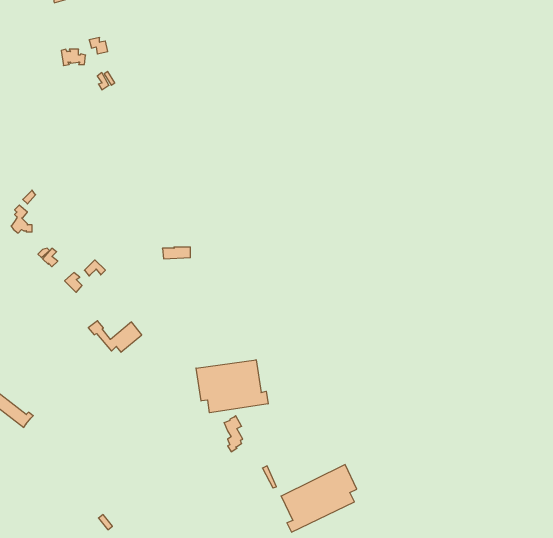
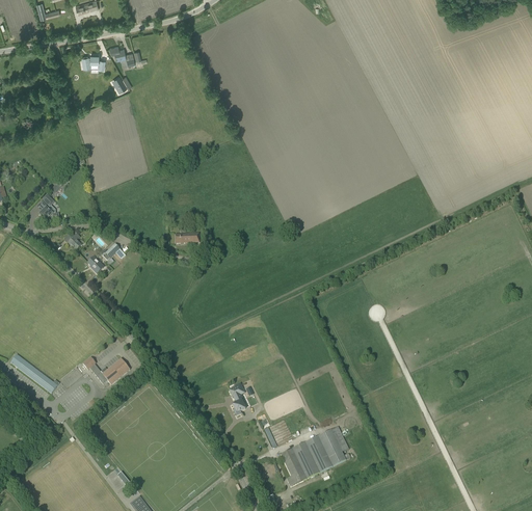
building: [88,321,142,352] -> [81,356,129,384]
building: [196,360,268,413] -> none

